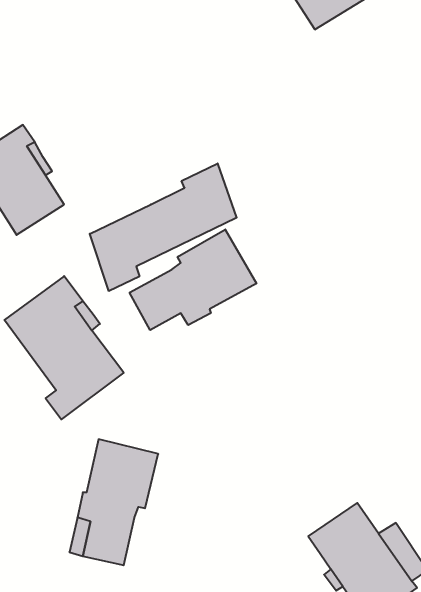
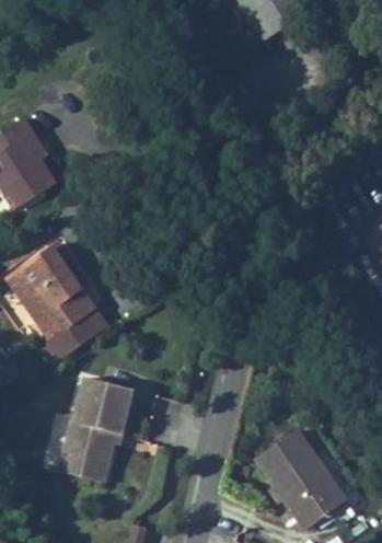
building: [90,163,237,291] -> none
building: [130,229,256,330] -> none

